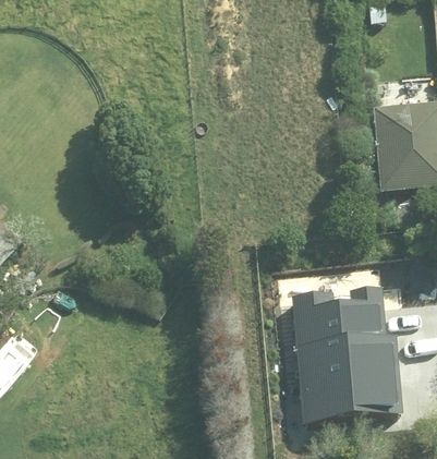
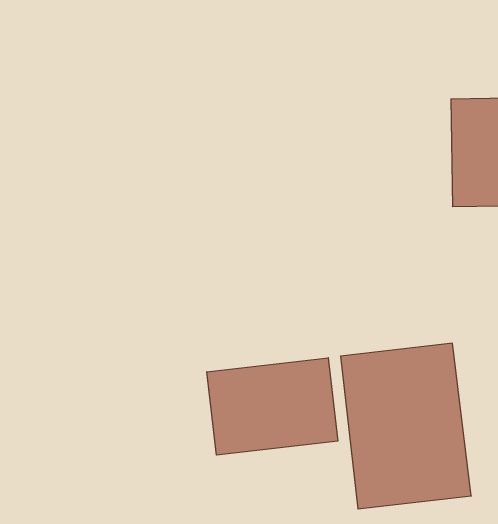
building: none -> [207,358,338,455]

